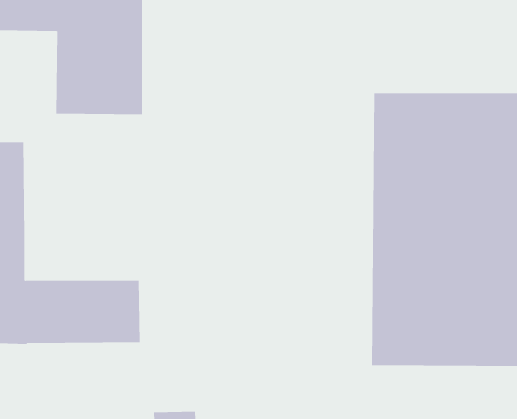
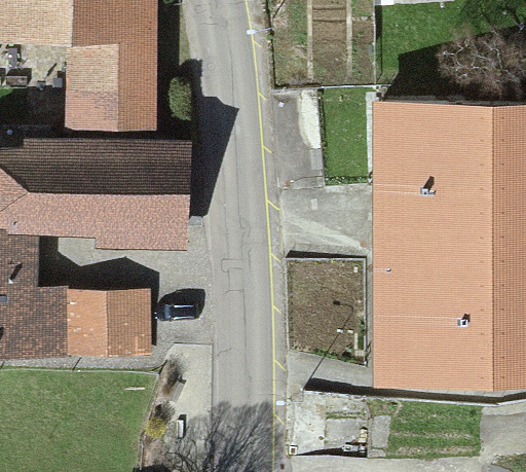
building: none -> [30,154,186,248]

